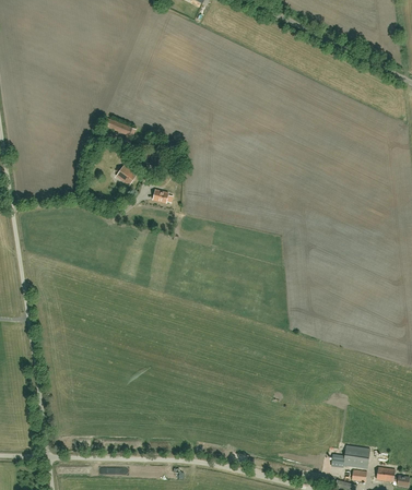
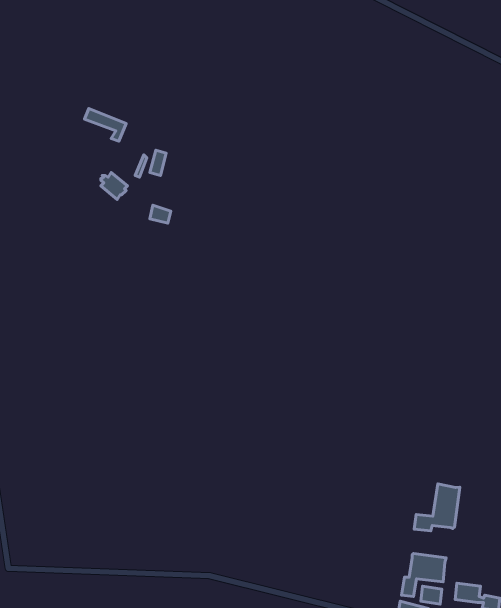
building: none -> [414,484,460,531]

